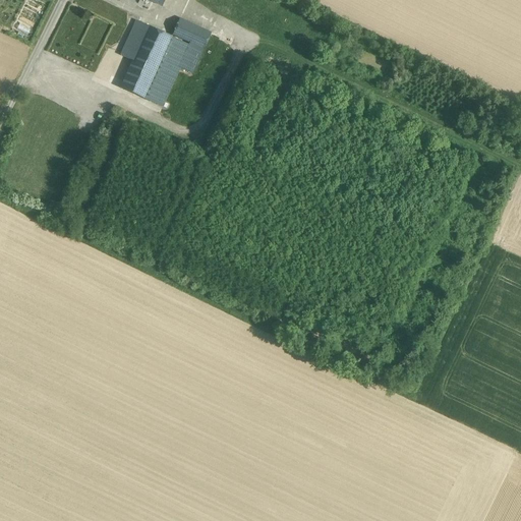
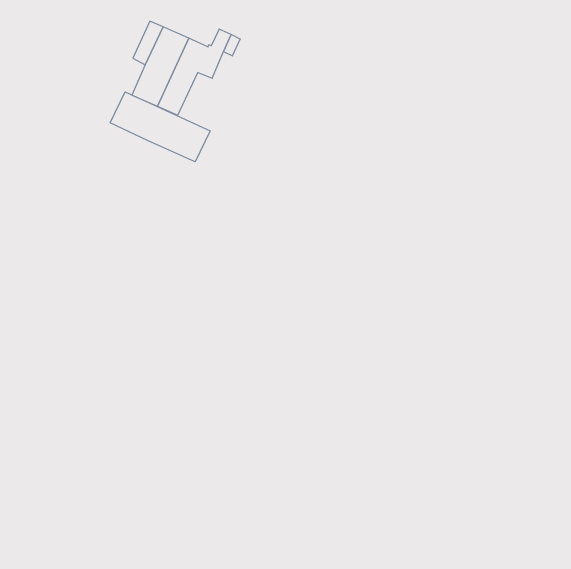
building: [172,17,199,42] -> none
building: none -> [110,92,210,162]

